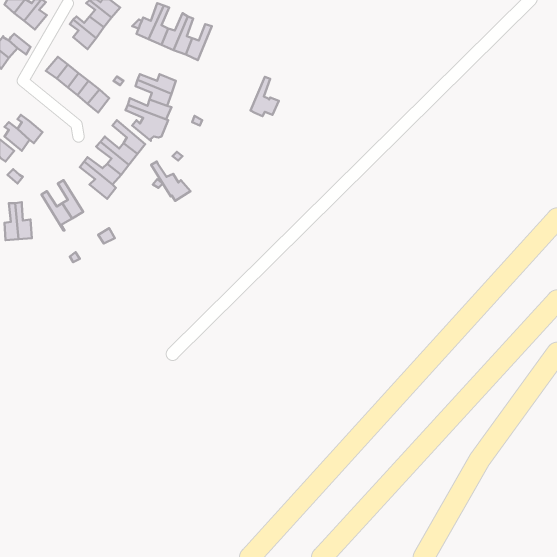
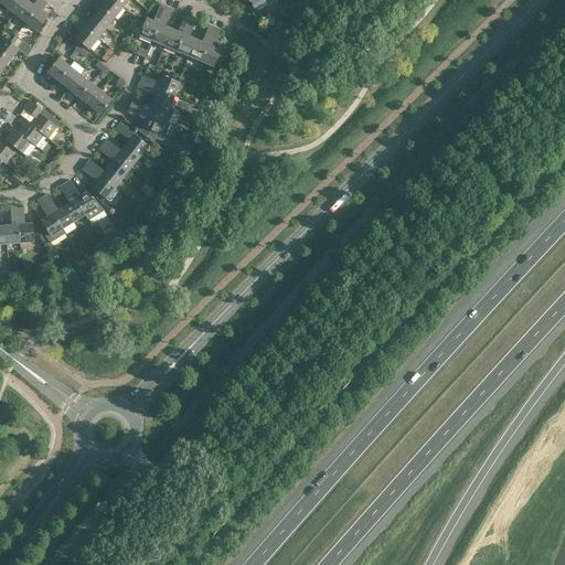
building: [251,77,279,116] -> [200,26,228,66]
building: none -> [22,99,60,137]
building: [151,162,191,201] -> [64,179,104,218]
building: none -> [36,196,64,243]

